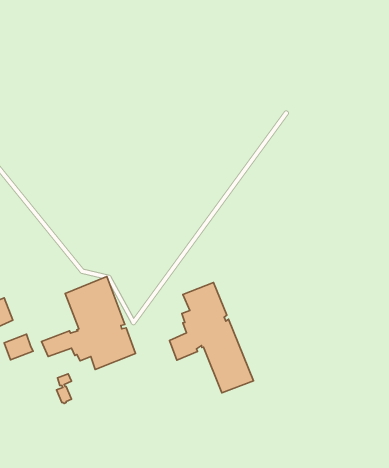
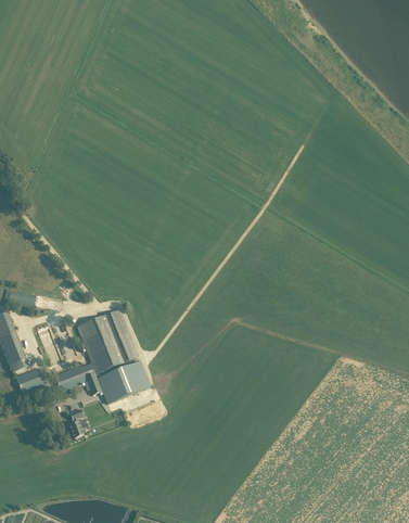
building: [169,282,254,393] -> none

